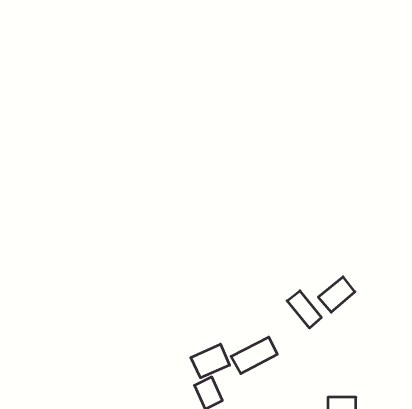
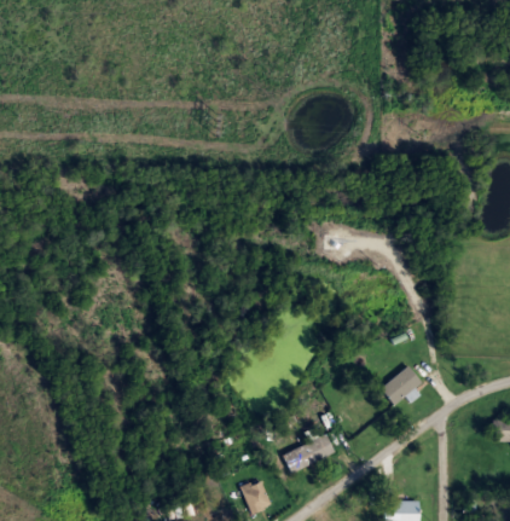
building: [287,291,321,328] -> none
building: [191,344,230,378] -> none

